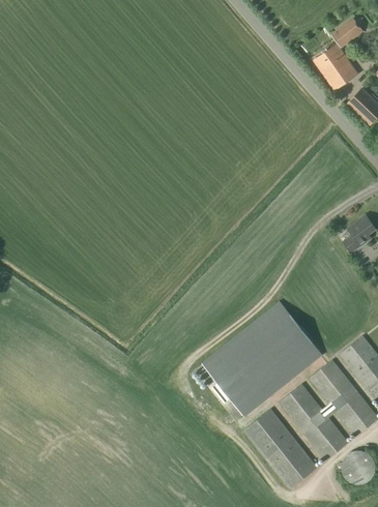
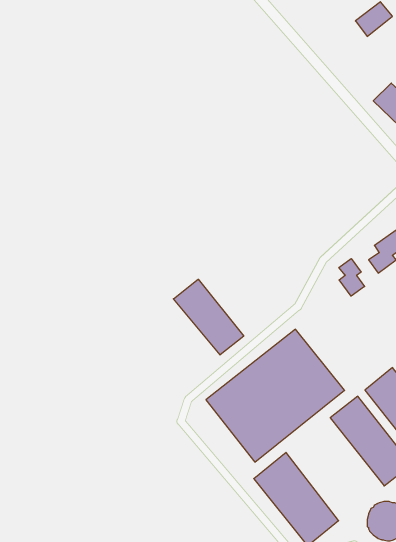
building: [313,43,357,90] -> none
building: none -> [339,259,365,296]
building: none -> [173,279,244,355]
building: [278,383,348,460] -> none

